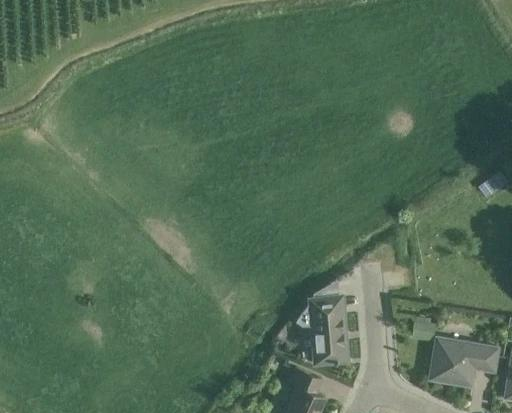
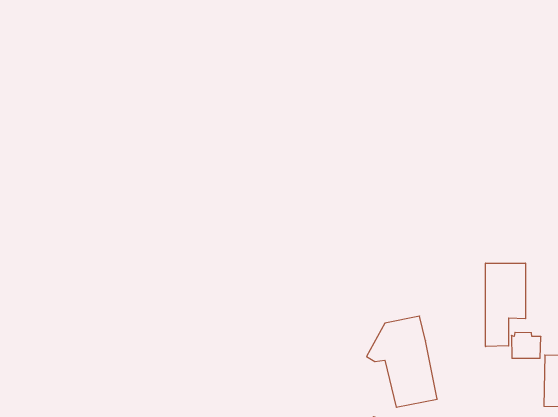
building: none -> [486,263,525,347]

